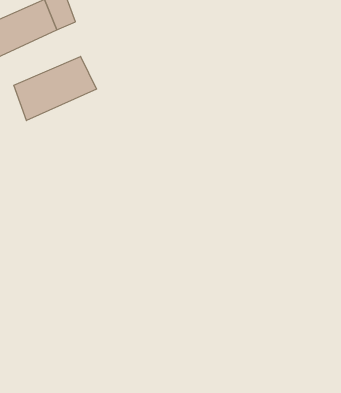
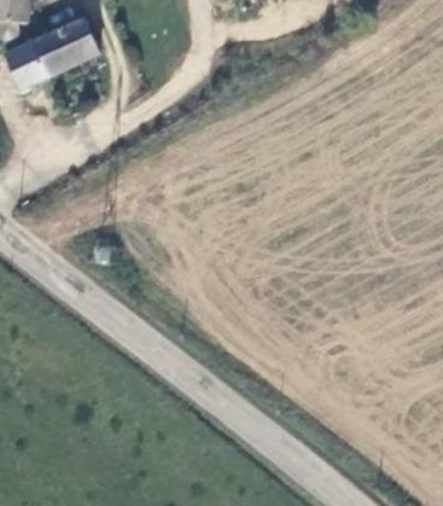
building: [14,56,97,121] -> none

